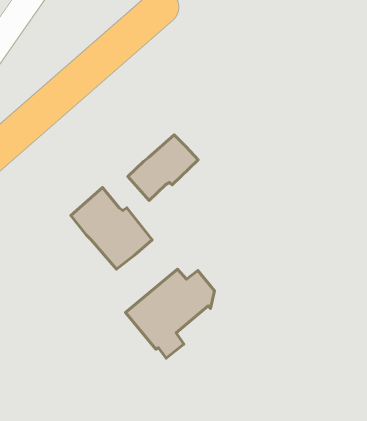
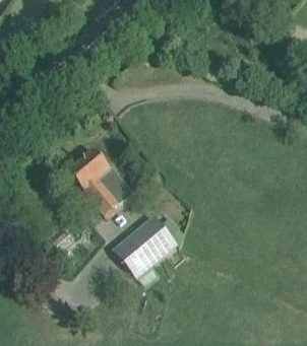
building: [128,135,198,200] -> none

